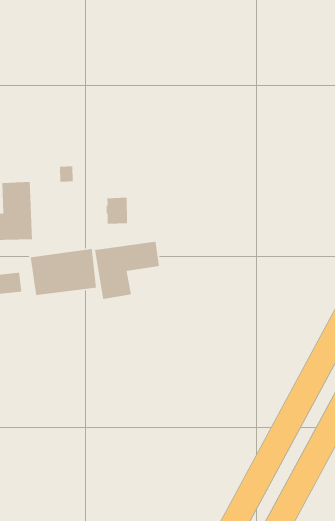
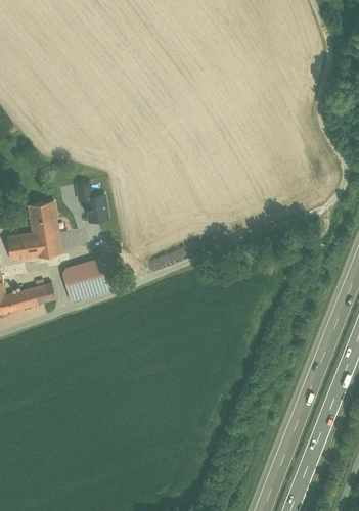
building: [106,197,128,225] -> [85,196,106,223]
building: [94,241,160,300] -> none

